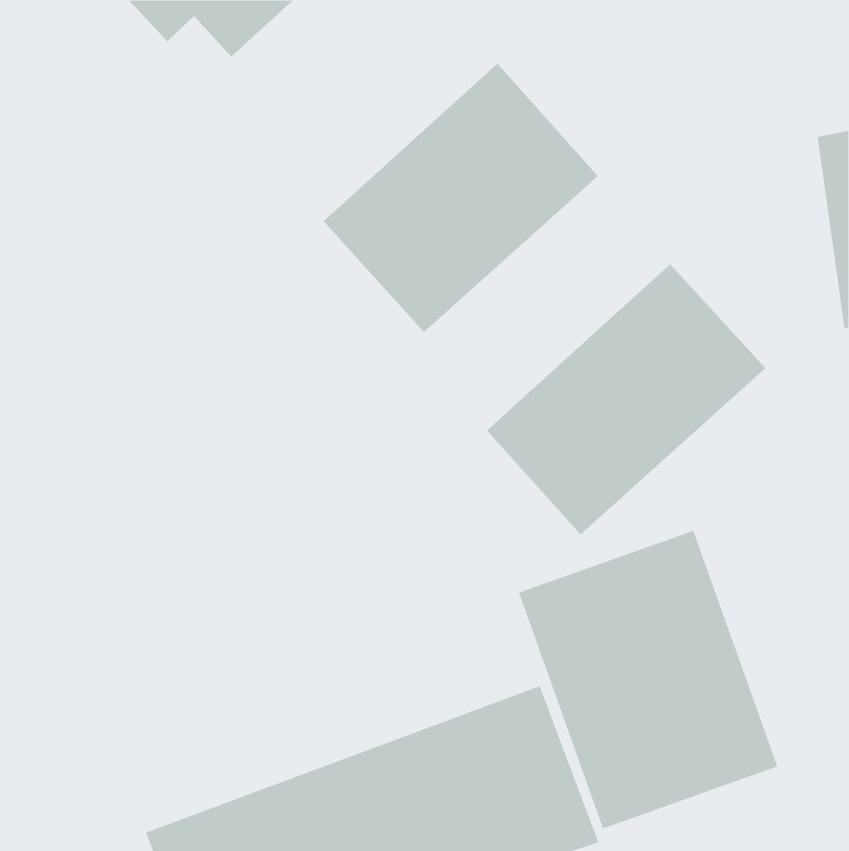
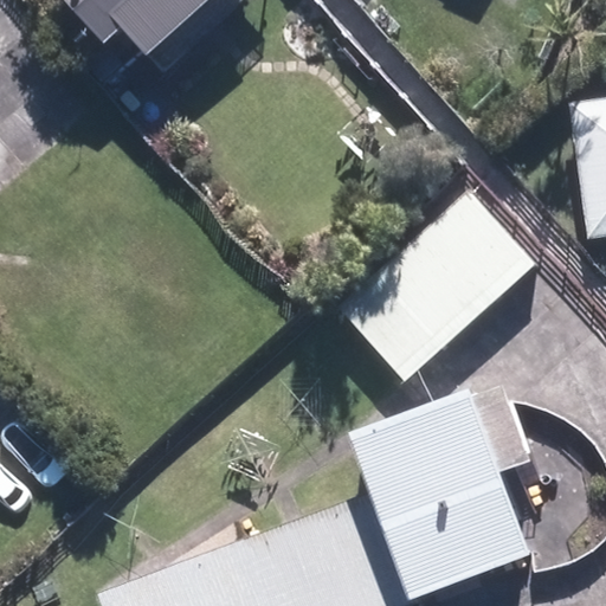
building: [323,63,598,333] -> none

